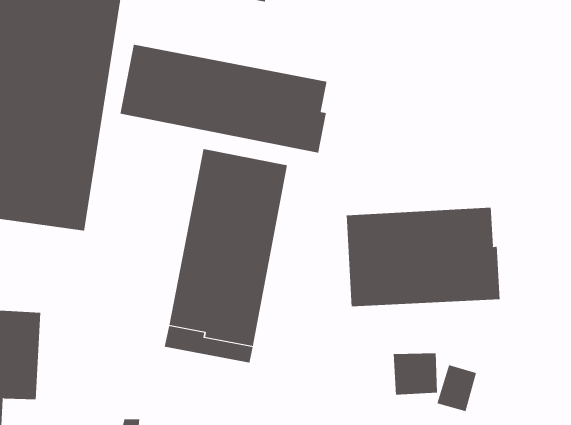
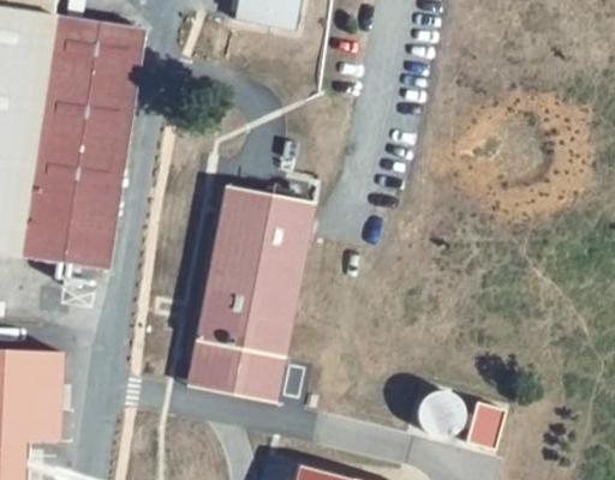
building: [120,44,327,153] -> none
building: [346,207,500,307] -> none

